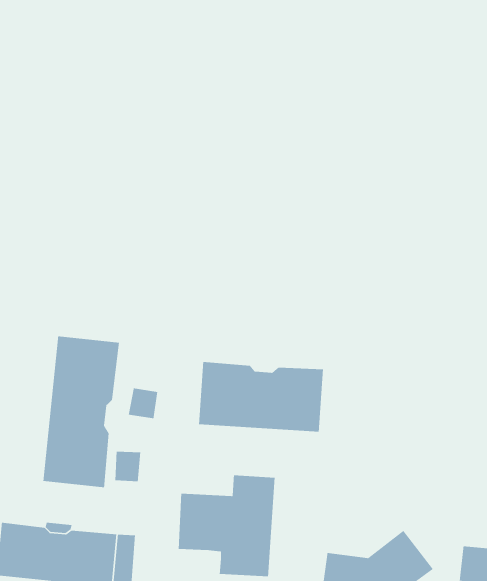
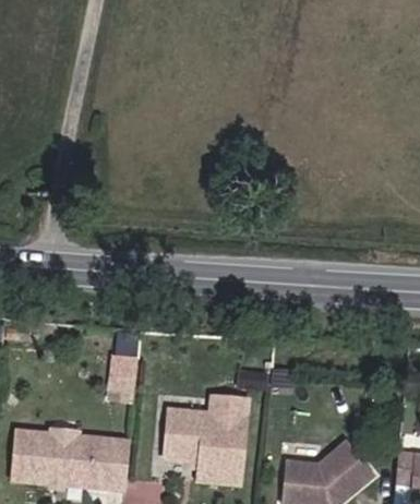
building: [43,335,120,488] -> none
building: [198,361,324,432] -> none

